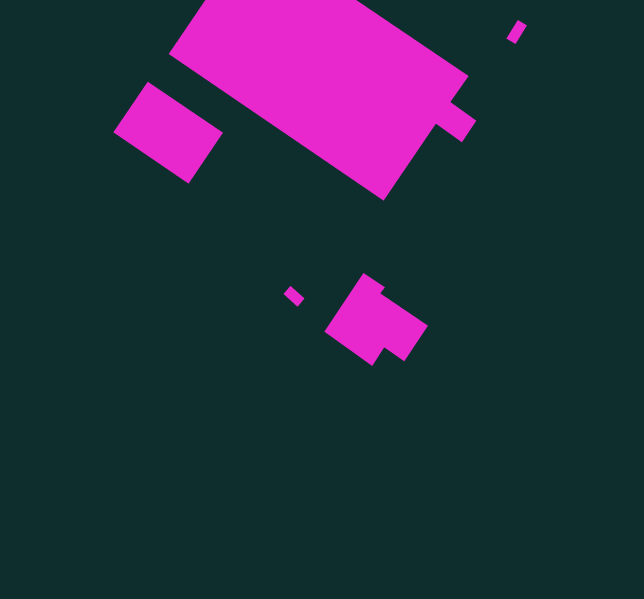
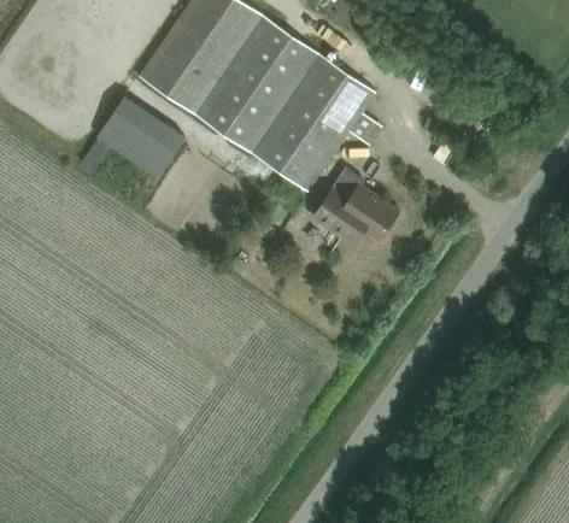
building: [323,272,429,367] -> [313,170,397,245]

